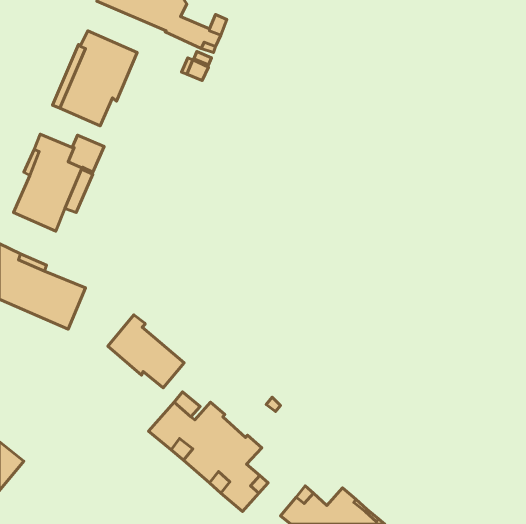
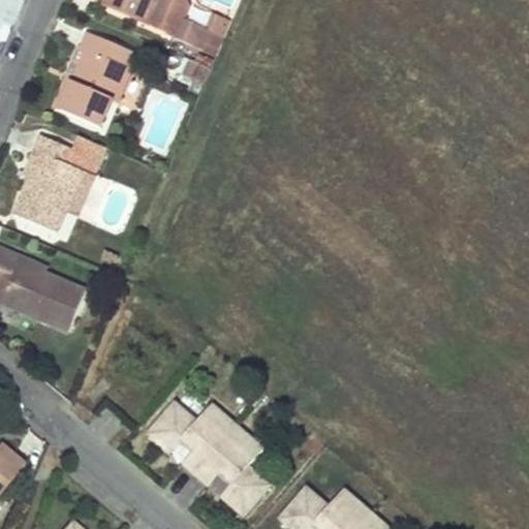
building: [108,315,184,388] -> none

